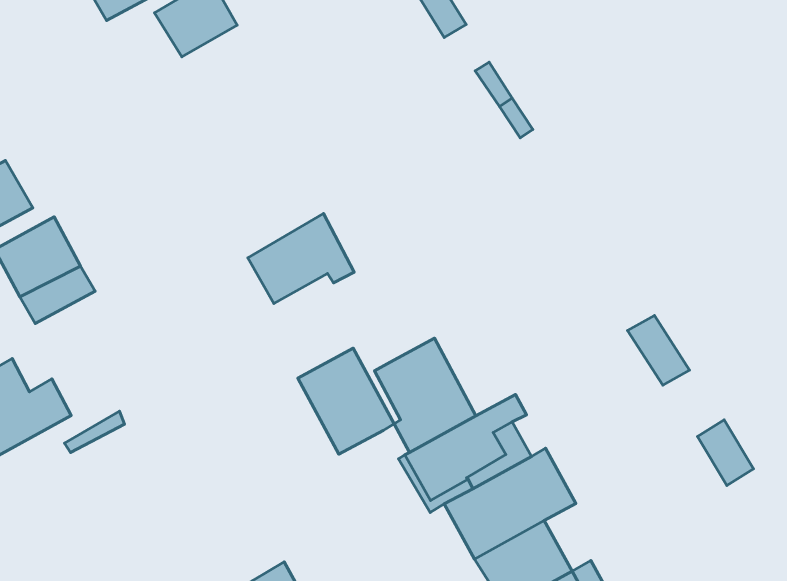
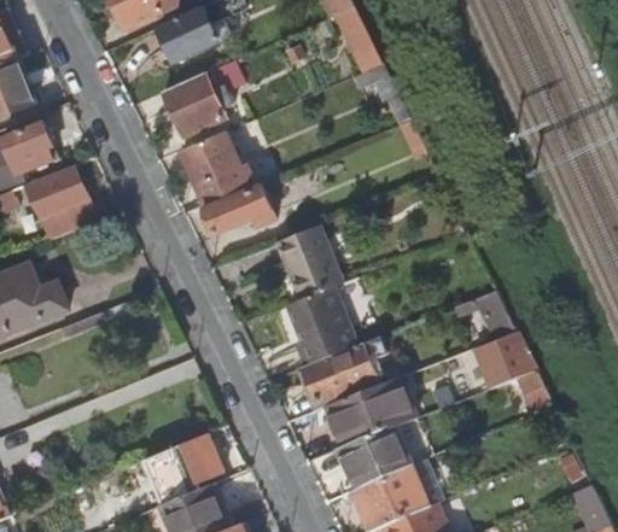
building: none -> [164,74,233,138]
building: none -> [180,133,238,187]
building: [298,348,394,454] -> [275,224,340,299]
building: none -> [472,331,532,388]

